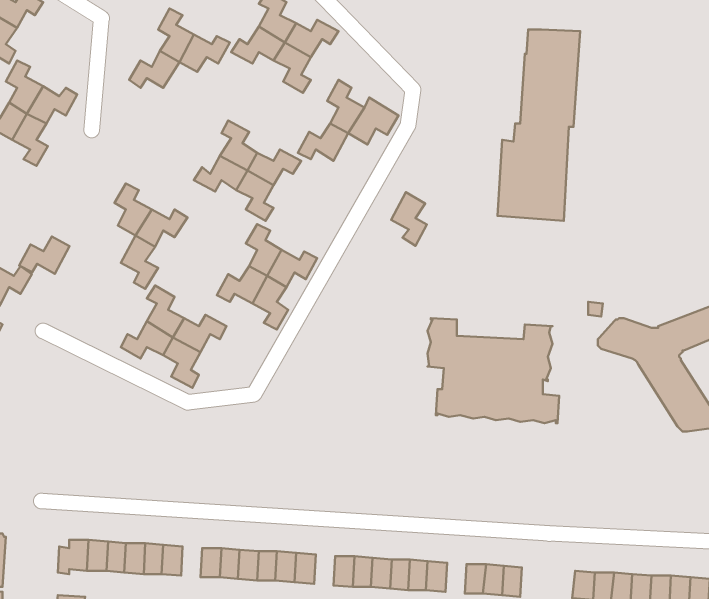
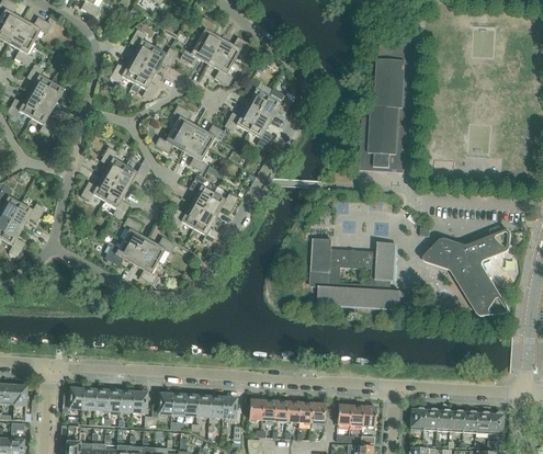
building: none -> [129,65,158,100]
building: [391,192,427,246] -> [248,113,272,149]
building: [19,236,70,274] -> [80,175,114,201]

